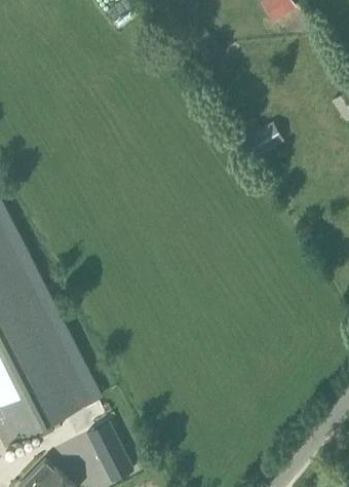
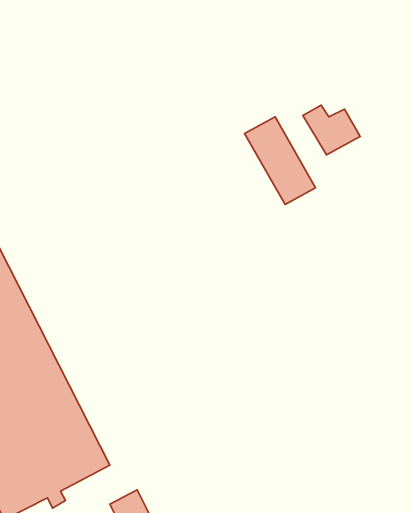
building: none -> [244,117,316,204]

